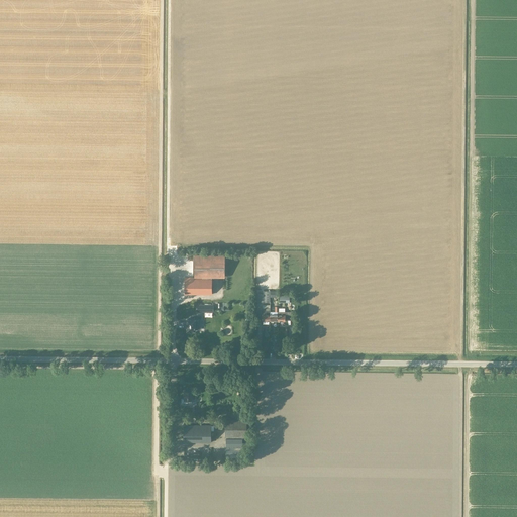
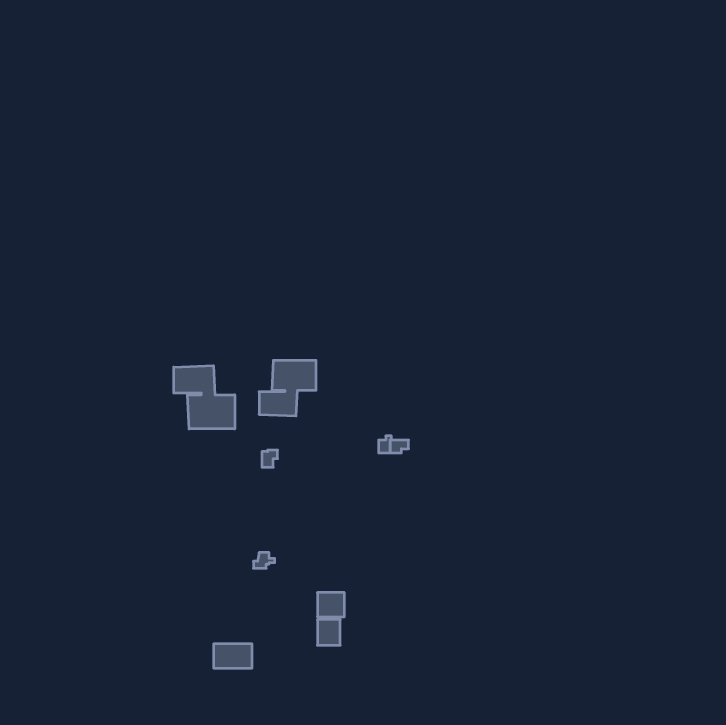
building: none -> [174,366,235,429]
building: [183,427,210,444] -> [214,644,252,668]

